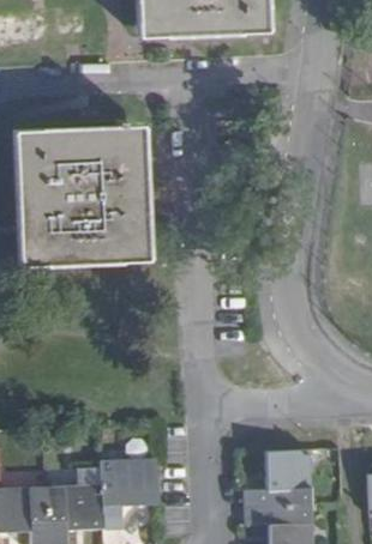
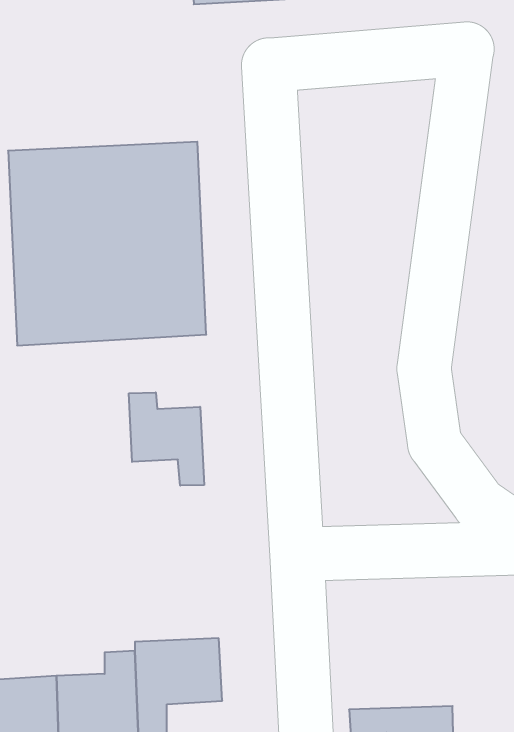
building: none -> [129,392,204,486]
building: [244,449,313,508] -> none

